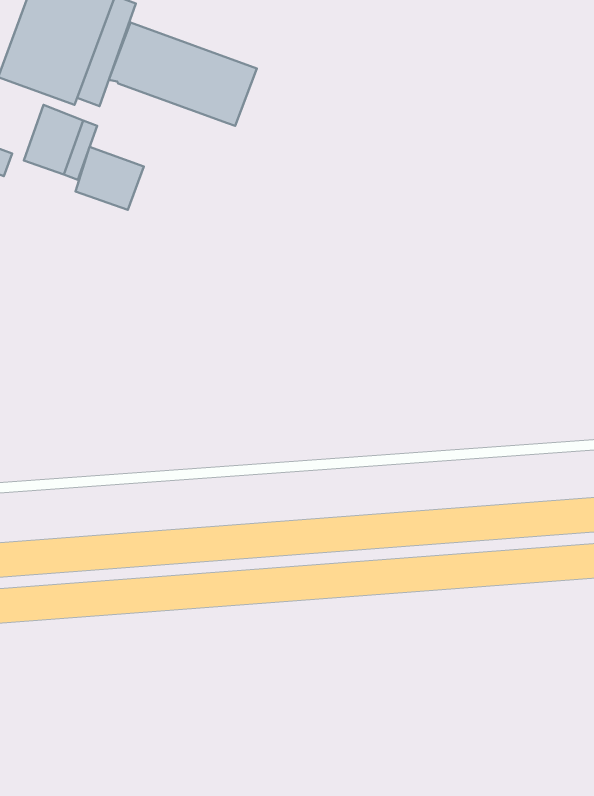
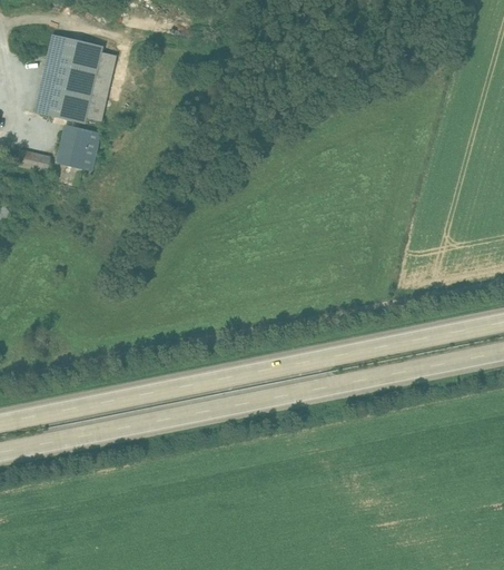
building: [109,22,257,126] -> none
building: [75,147,144,210] -> none

